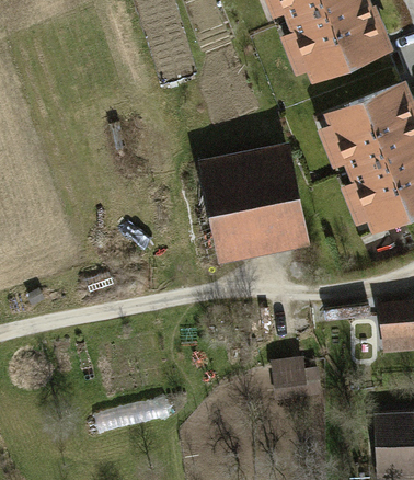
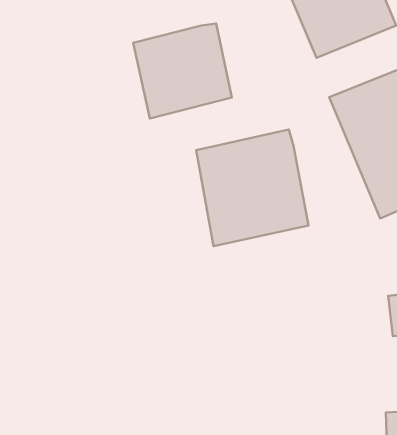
building: none -> [133,23,232,119]
building: [271,357,322,401] -> none

